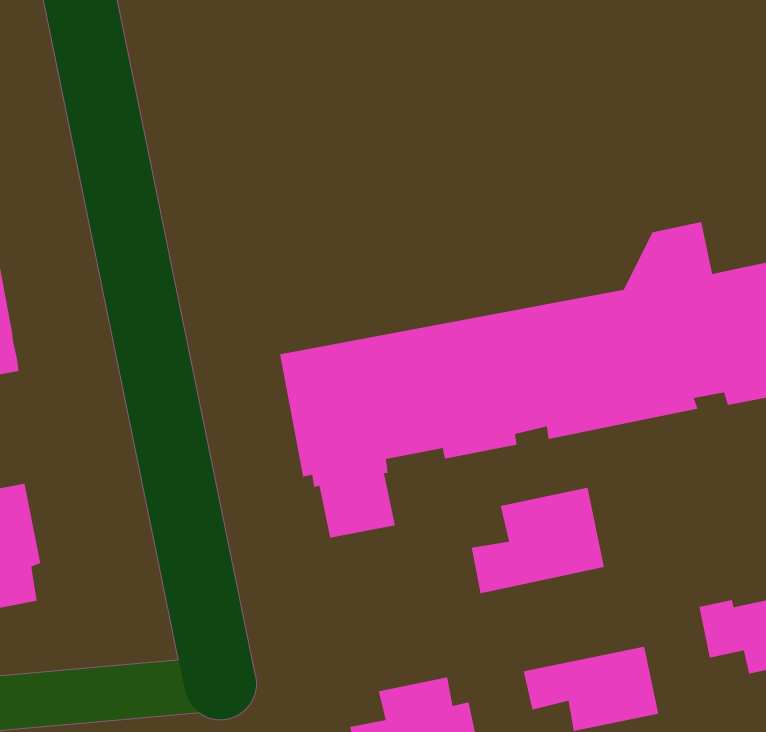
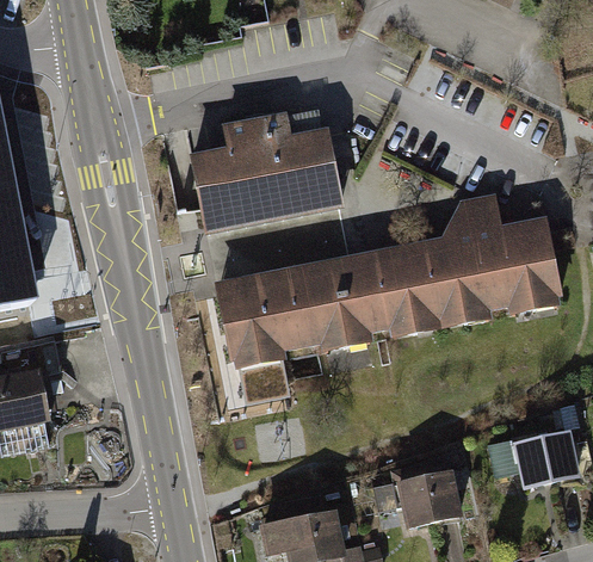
building: none -> [189,111,340,233]
building: [471,487,605,594] -> none

